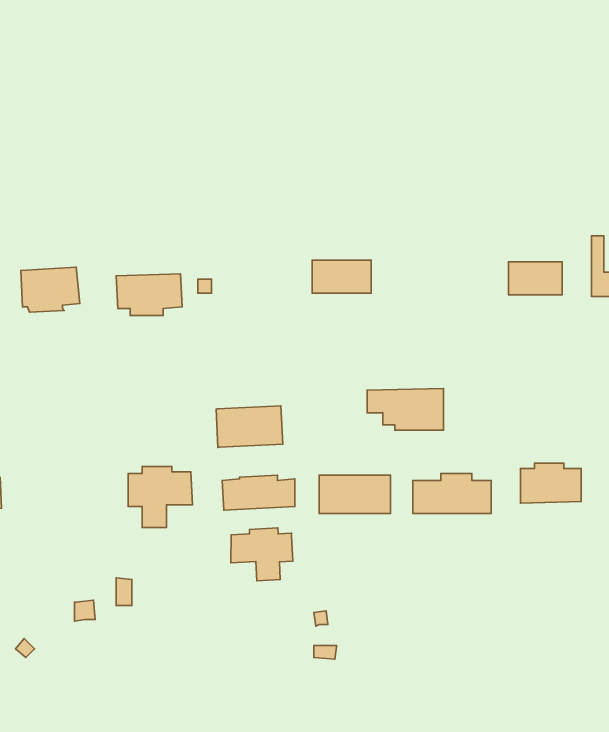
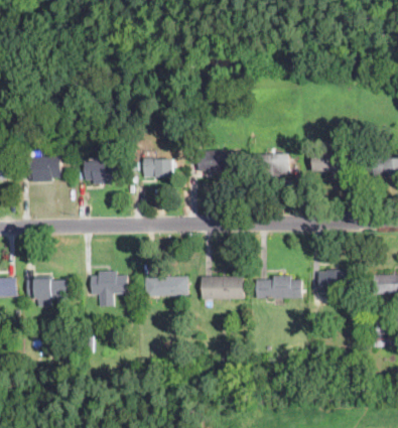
building: none -> [142,158,172,177]
building: [367,388,444,430] -> [246,154,290,178]
building: [216,406,283,447] -> none
building: none -> [24,278,67,310]
building: [231,528,293,581] -> none

